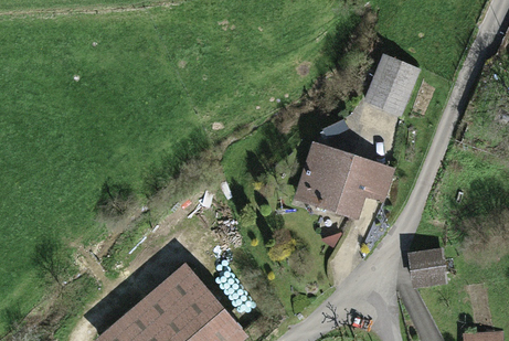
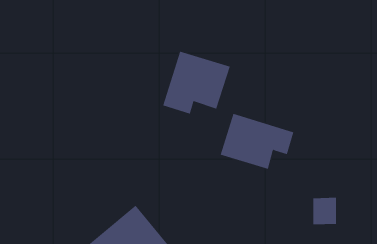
building: [364,60,415,116] -> none
building: none -> [163,51,230,114]

